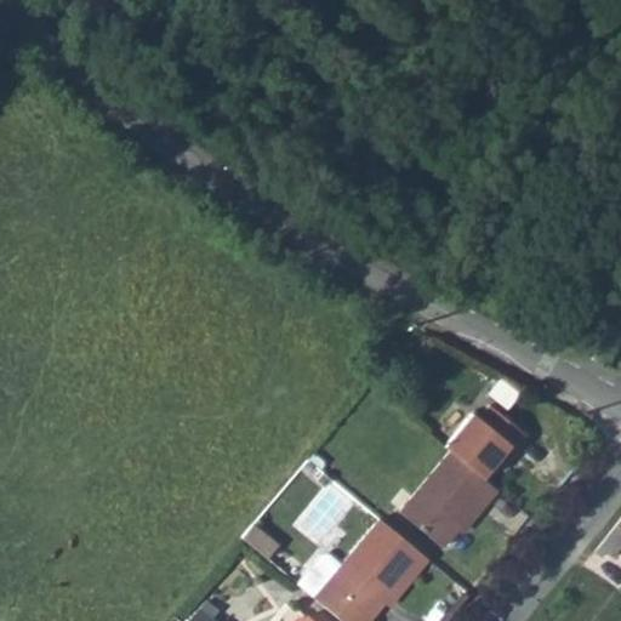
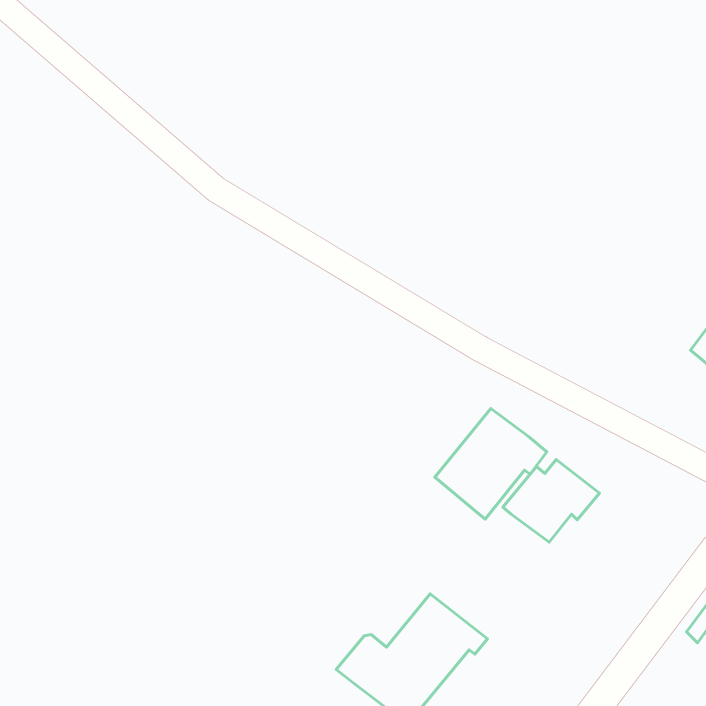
building: [403,454,500,549] -> [435,408,547,519]

